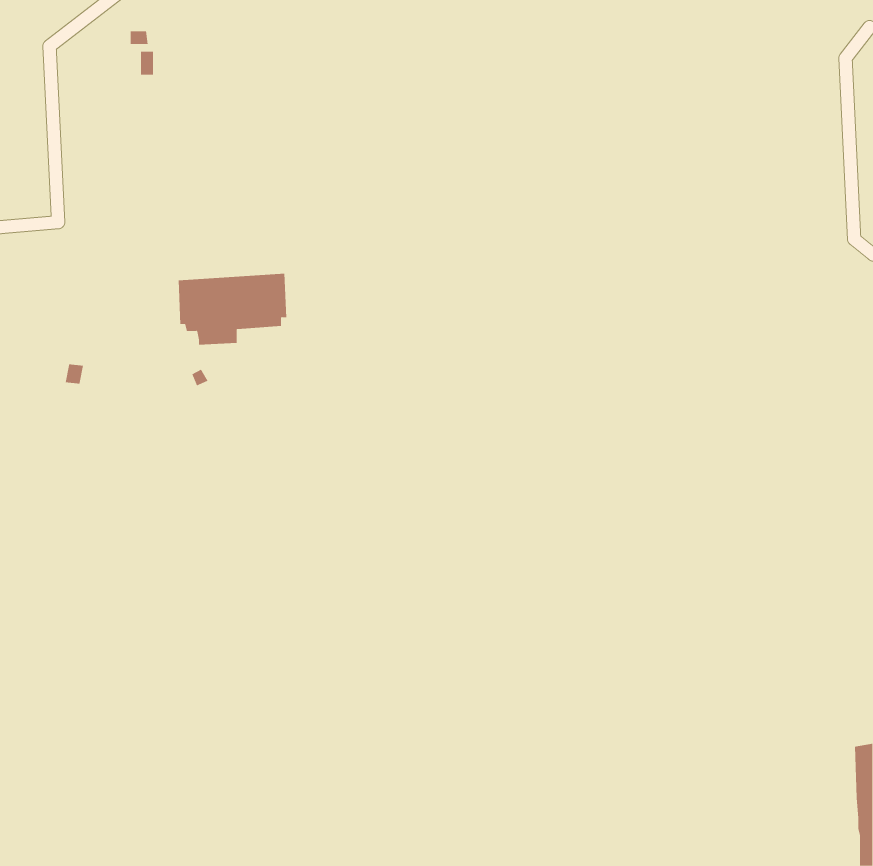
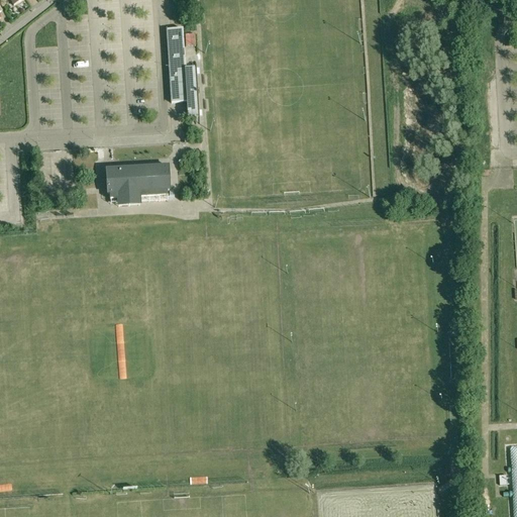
building: none -> [167,25,199,114]

